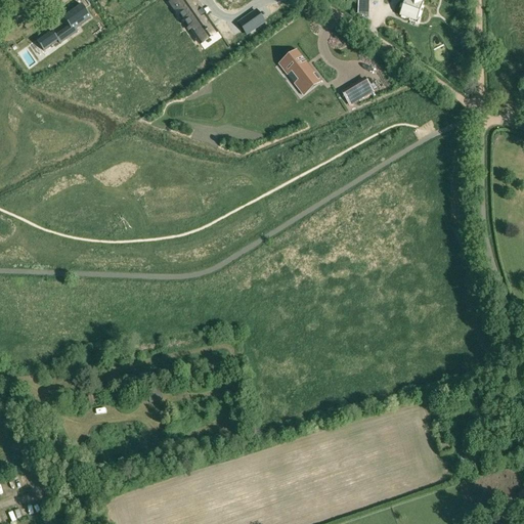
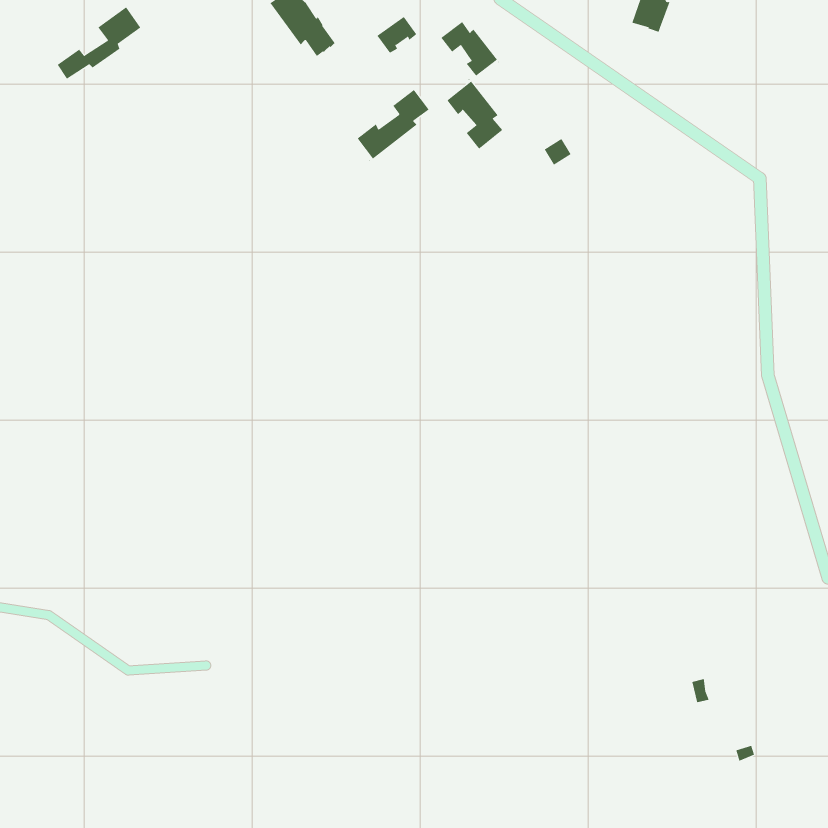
building: none -> [441,21,500,77]
building: none -> [357,89,429,162]

